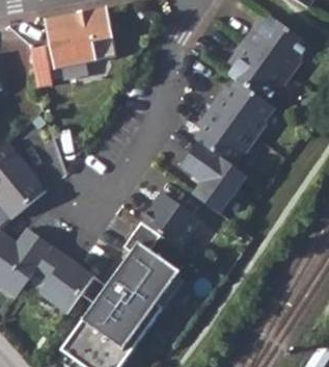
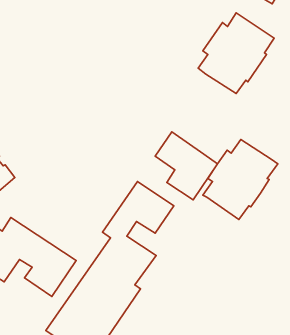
building: [34,8,106,70] -> none
building: [198,82,278,167] -> [203,140,278,220]

